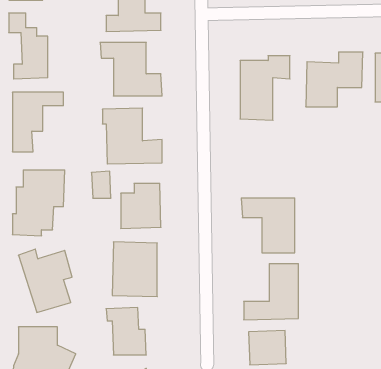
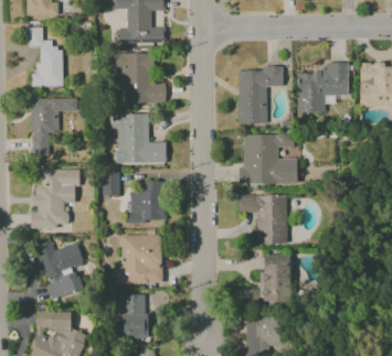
building: none -> [240,134,297,184]

